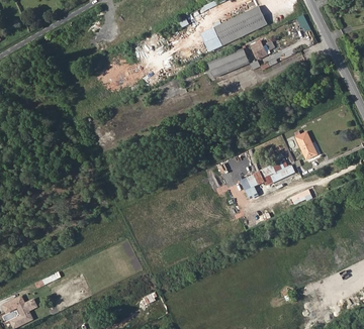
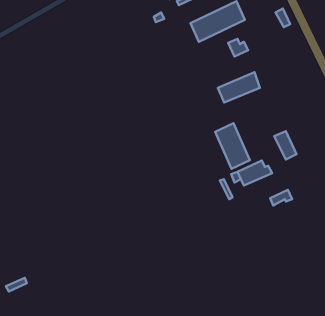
building: [207,47,248,77] -> [218,72,260,103]
building: none -> [215,123,250,169]

